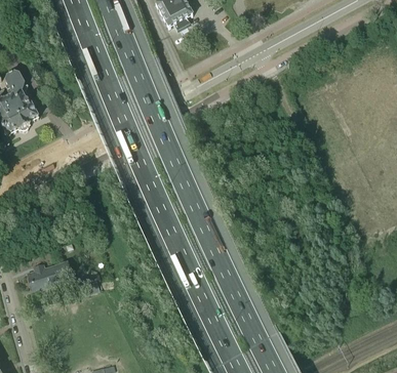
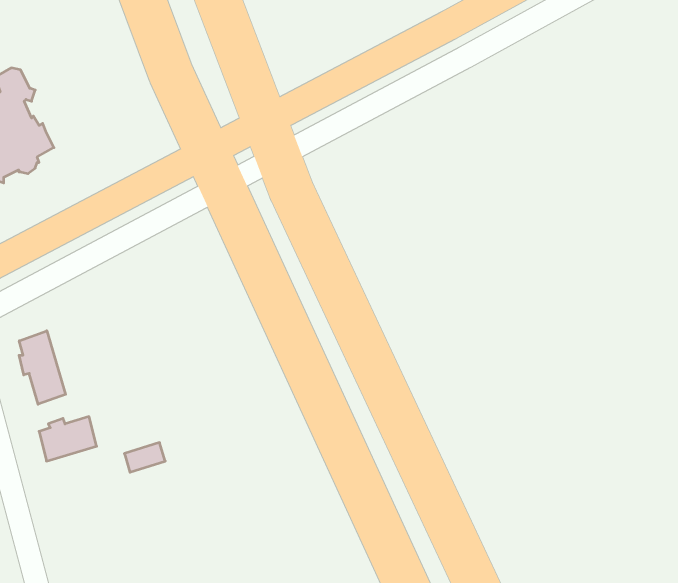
building: none -> [19,331,66,404]

